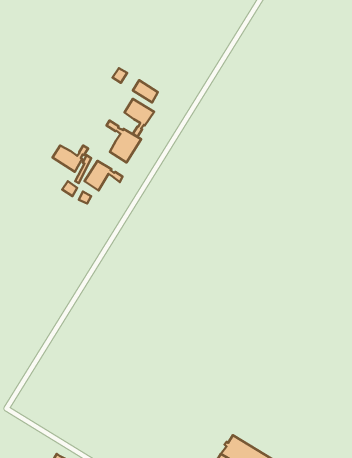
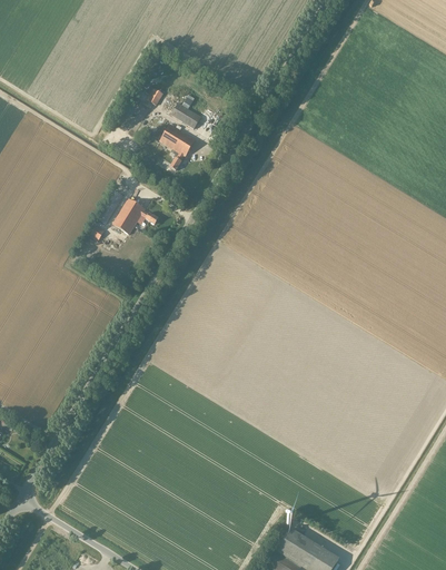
building: [106,121,141,162] -> none
building: [52,145,88,172] -> none

